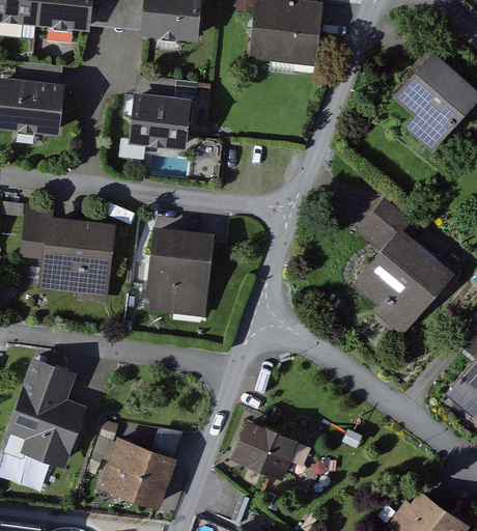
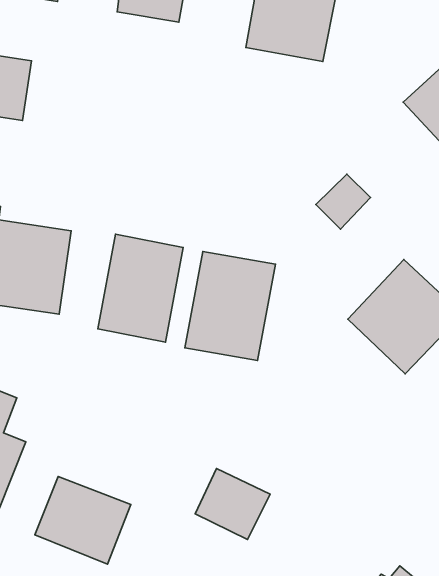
building: [134,93,194,148] -> none
building: [356,202,402,250] -> [316,174,371,229]
building: none -> [185,251,275,361]

